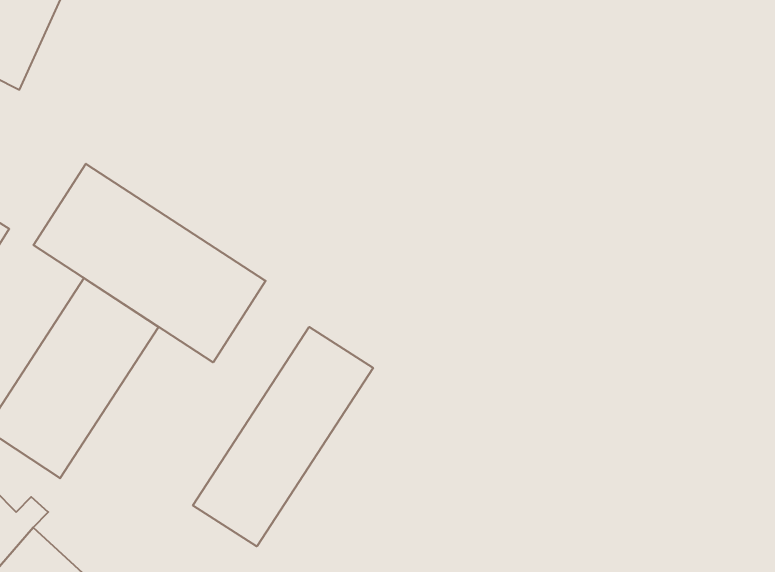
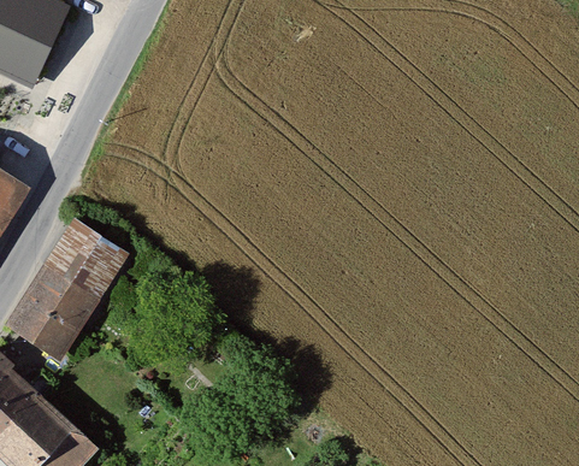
building: [34,164,266,362] -> none
building: [193,327,373,546] -> none

